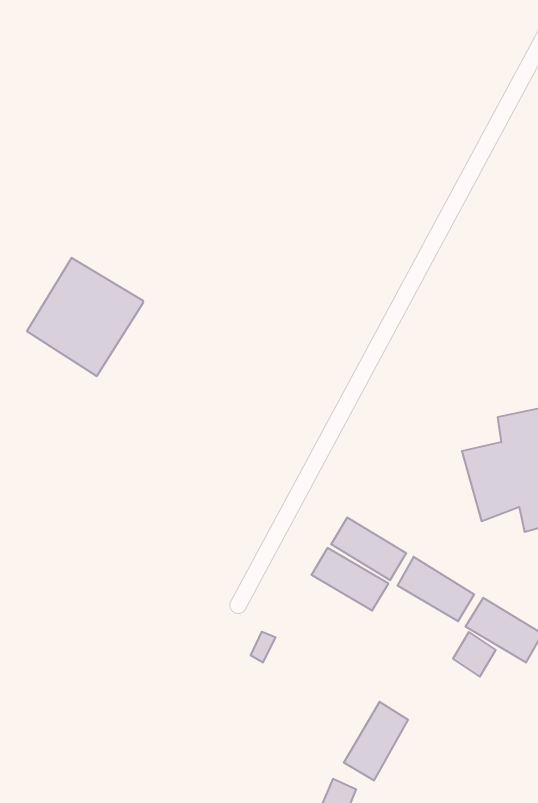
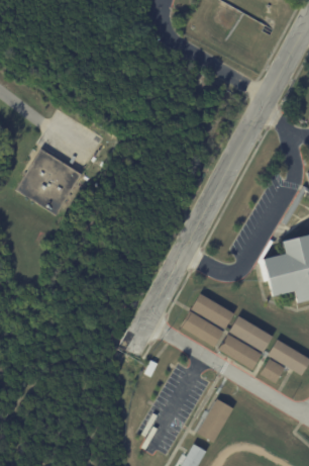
building: none -> [218,336,262,370]

